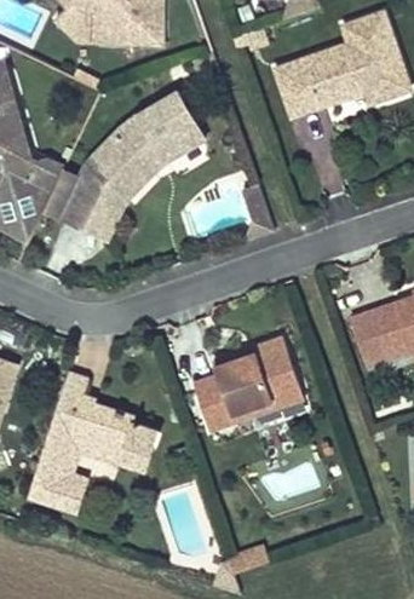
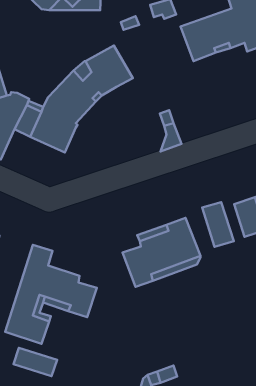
building: none -> [202,202,234,247]
building: none -> [13,348,57,376]

